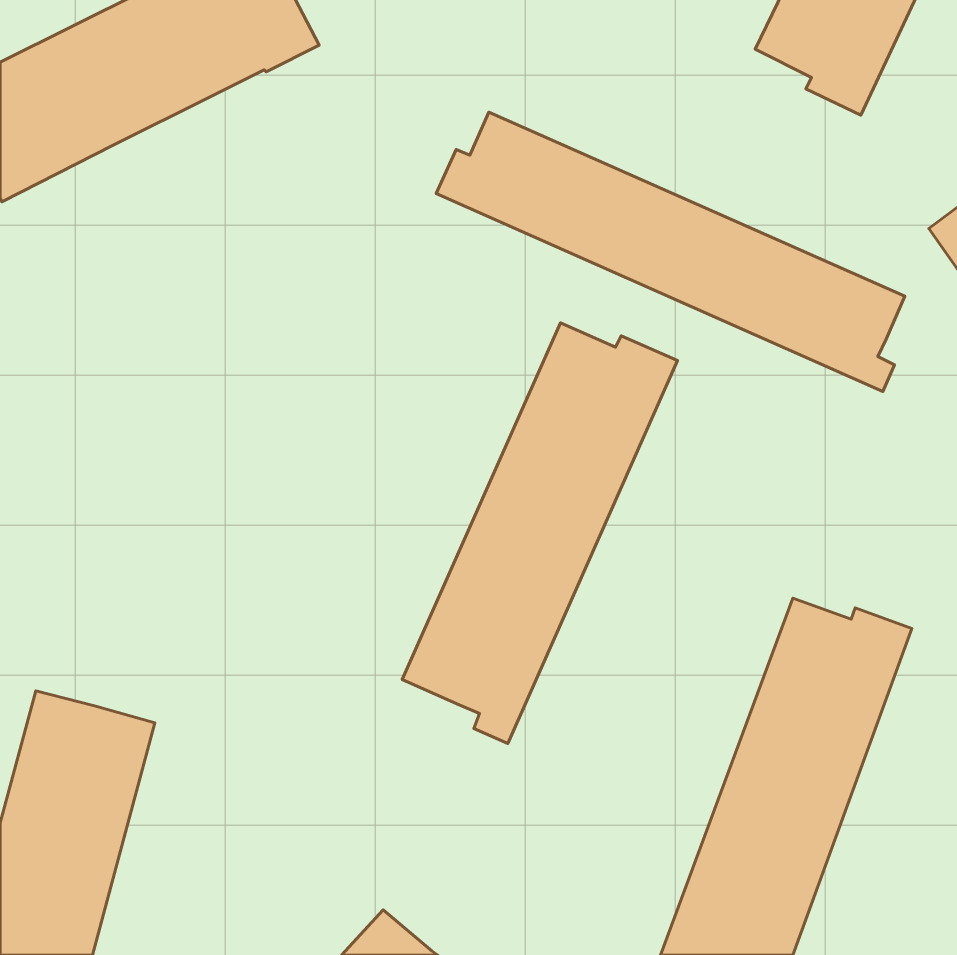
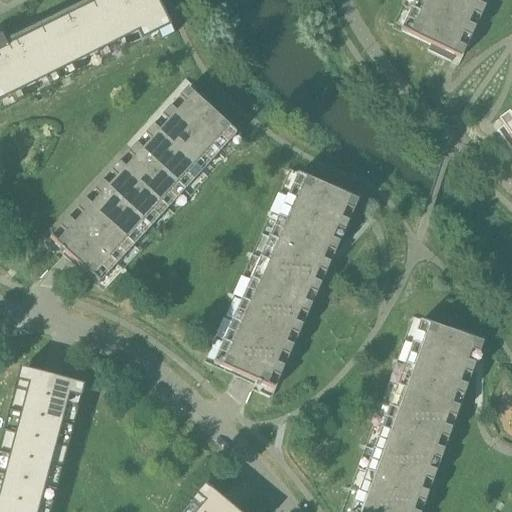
building: [436,112,905,392] -> none
building: none -> [48,81,238,279]

